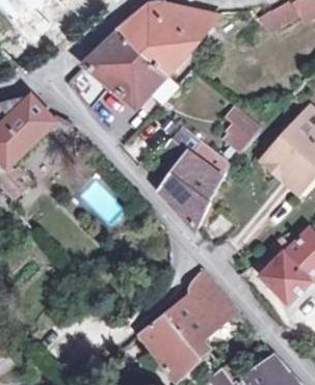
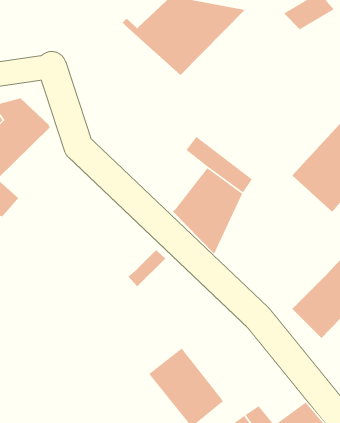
building: [67,30,166,105] -> none
building: [217,105,261,154] -> none
building: [167,269,233,352] -> none

